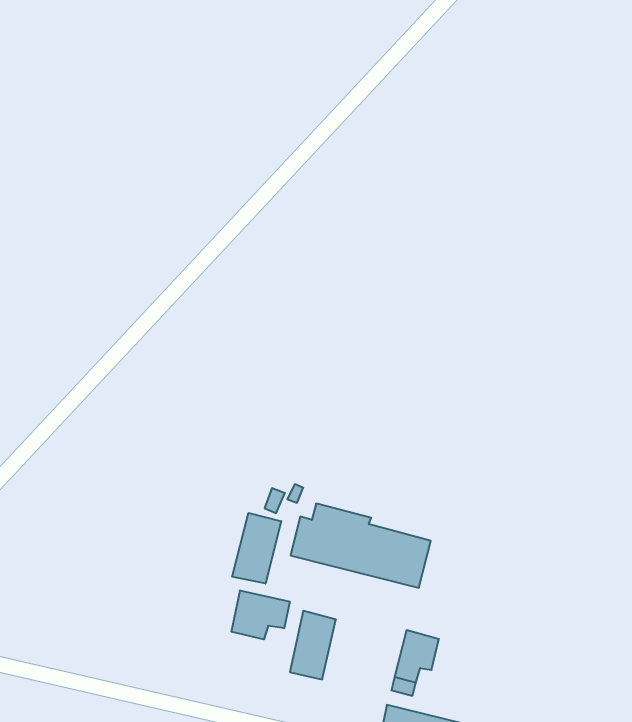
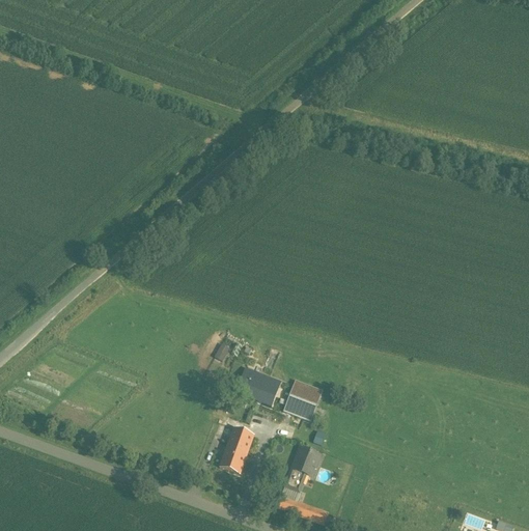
building: [232,513,281,584] -> none
building: [231,590,290,639] -> none

